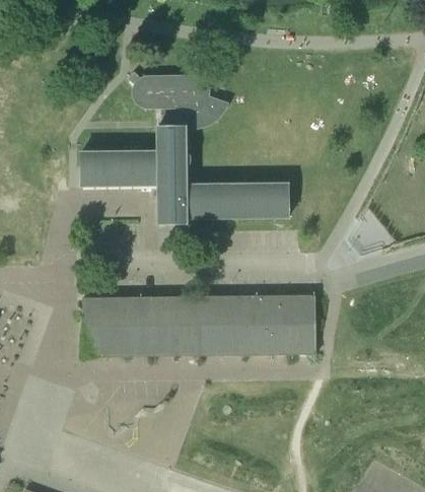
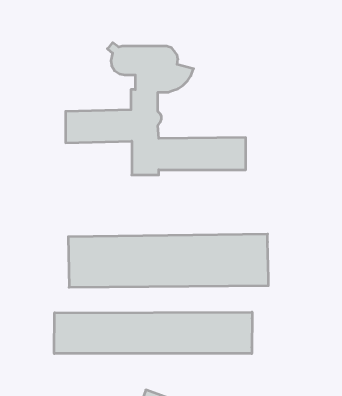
building: none -> [54,312,252,354]

